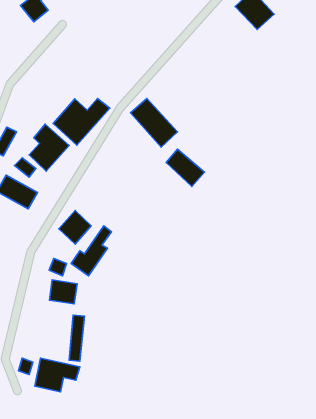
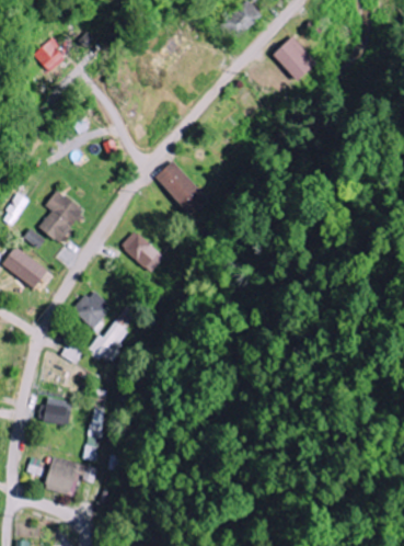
building: [53,98,110,145] -> none
building: [166,149,204,187] -> [122,230,165,273]
building: [49,280,77,304] -> [39,397,71,424]

